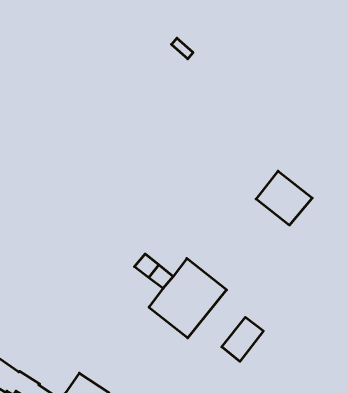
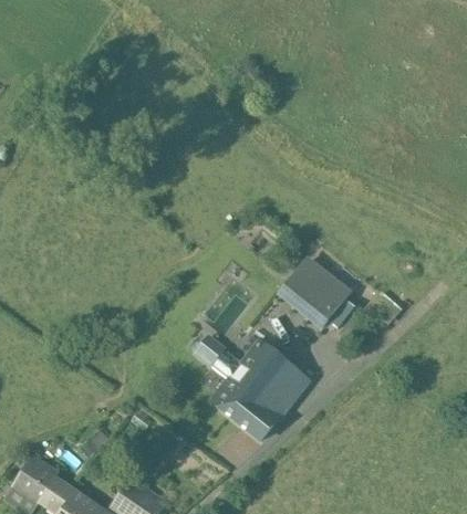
building: [256,171,312,225] -> [281,258,350,324]
building: [222,317,263,361] -> none

